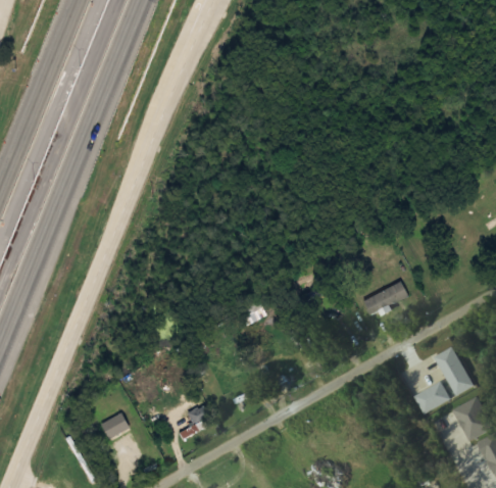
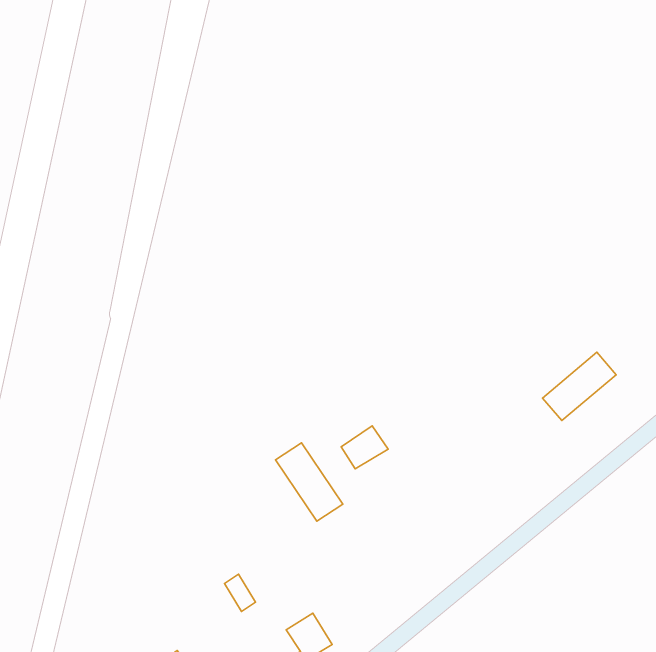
building: none -> [276,443,343,521]

